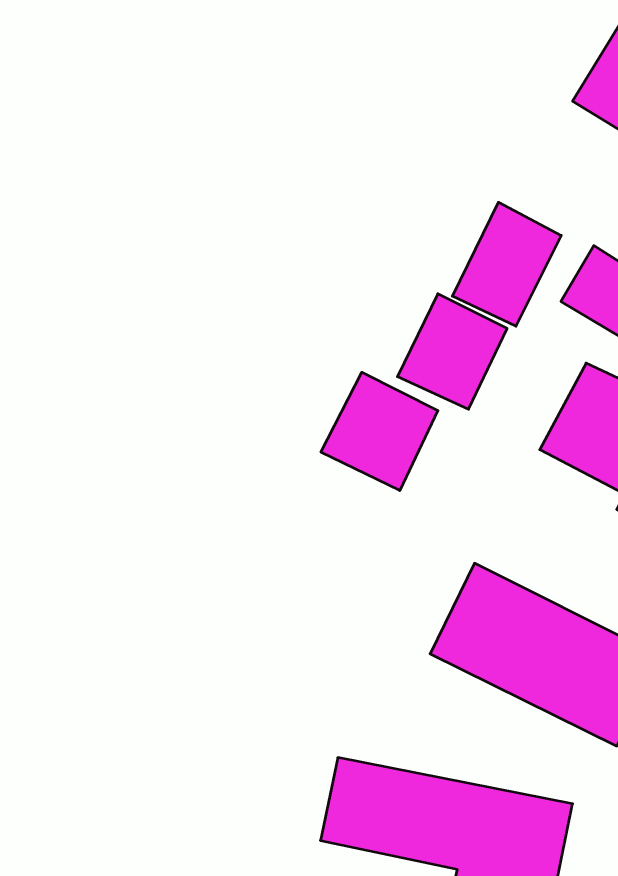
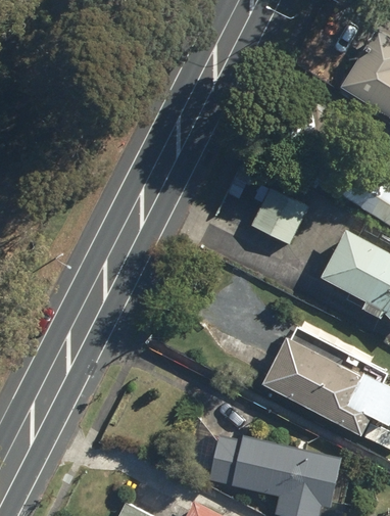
building: [452,202,561,326] -> none
building: [321,372,438,491] -> none

